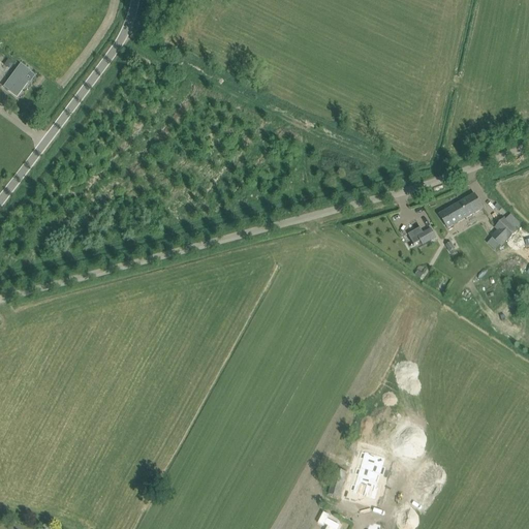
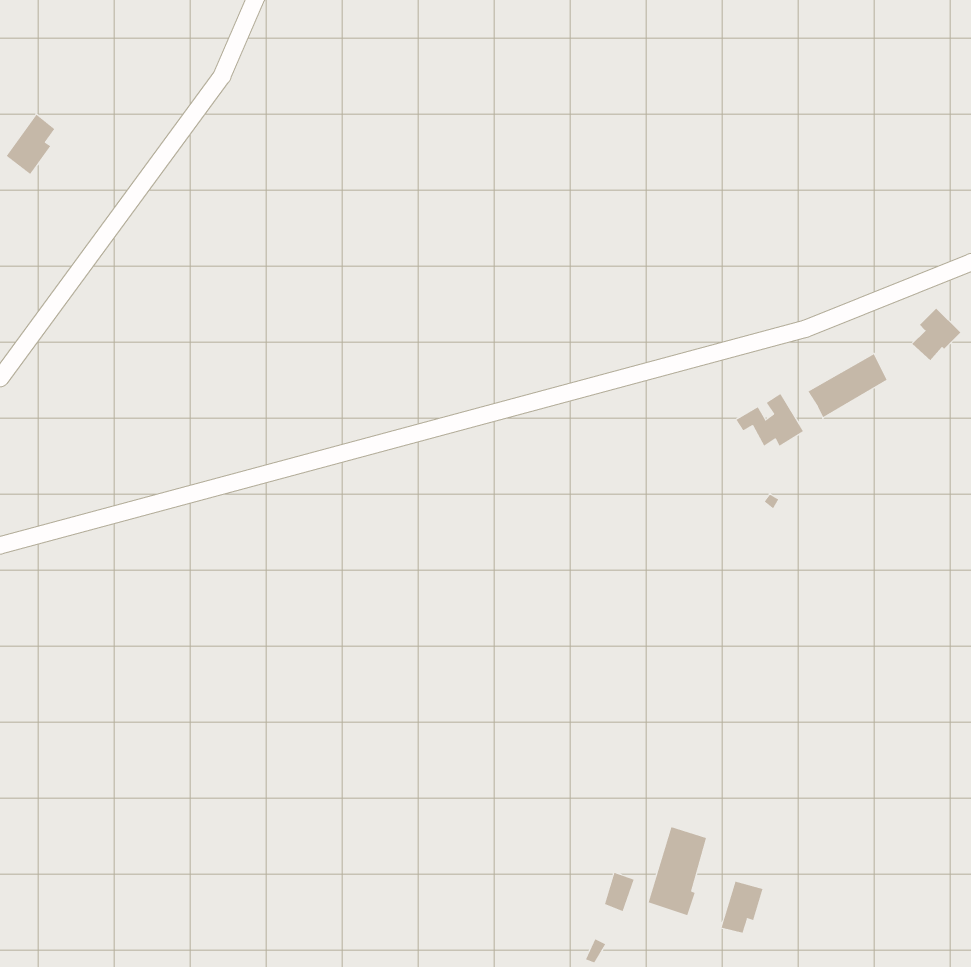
building: [491,216,518,245] -> [912,308,961,361]
building: none -> [721,881,763,934]

